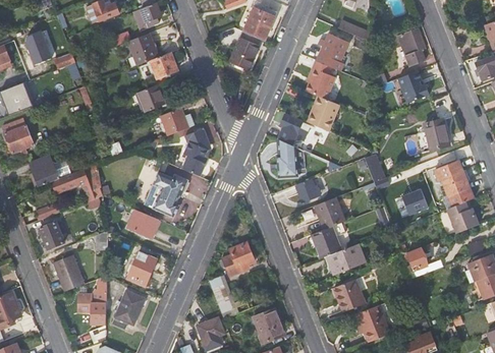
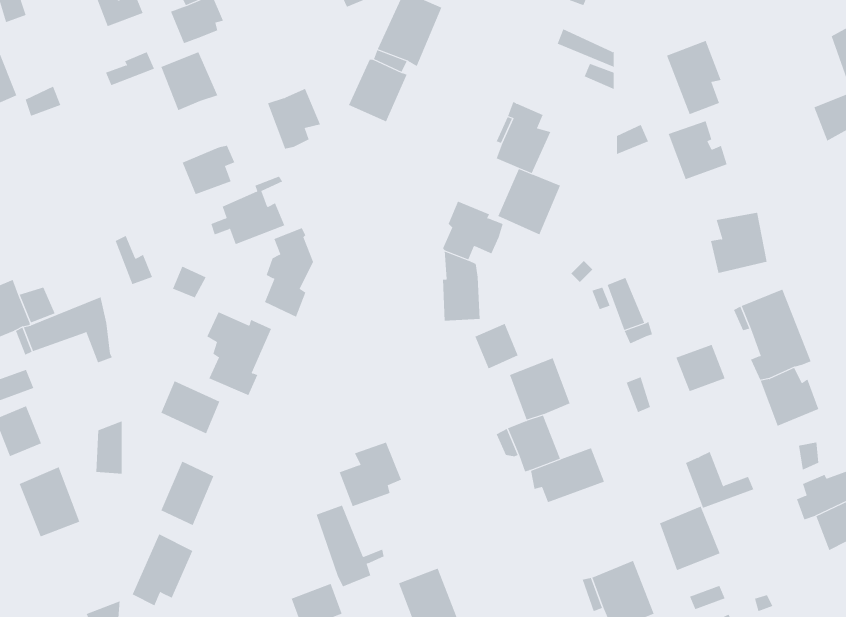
building: [317,34,348,71] -> none
building: [149,52,177,84] -> [267,88,321,149]
building: [77,276,106,314] -> none
building: [333,278,366,312] -> [659,506,720,571]

